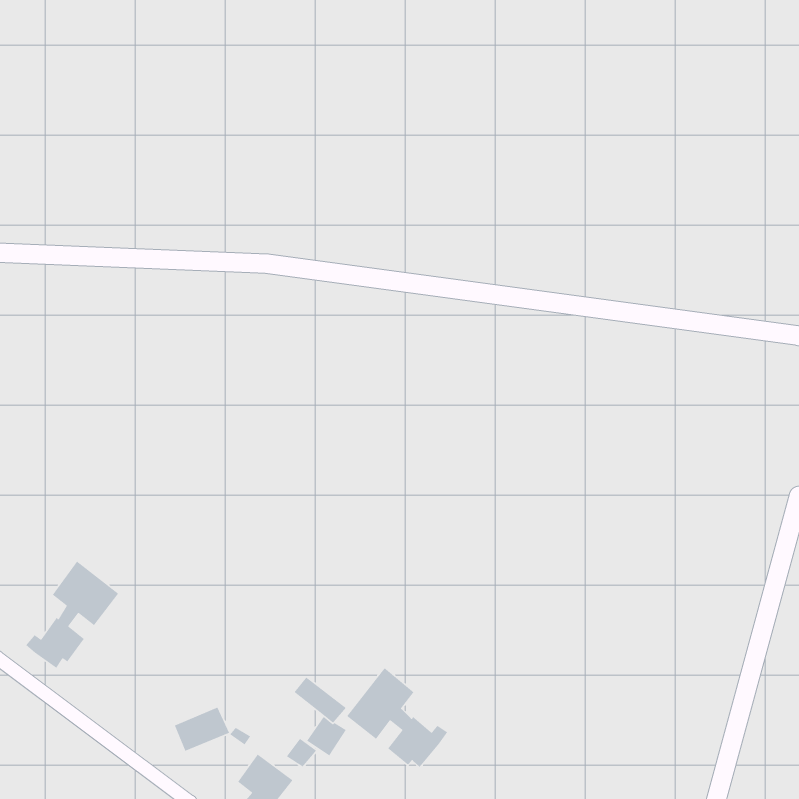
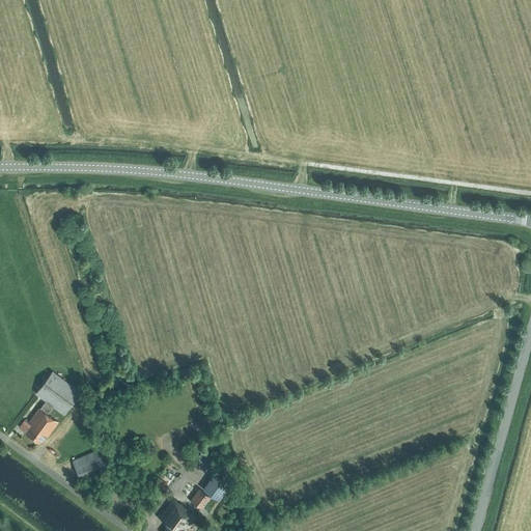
building: [346,667,448,768] -> none
building: [174,706,230,752] -> [71,450,108,480]

